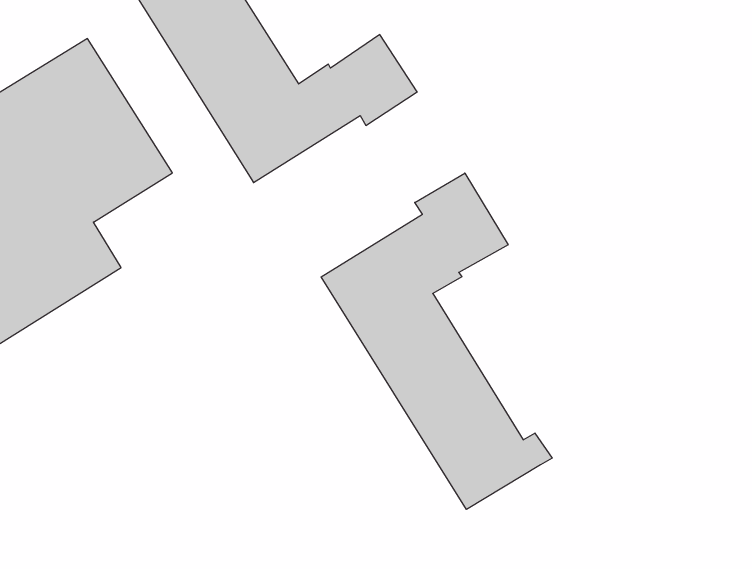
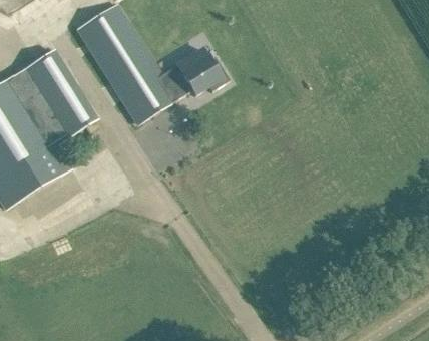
building: [321,173,552,509] -> none

